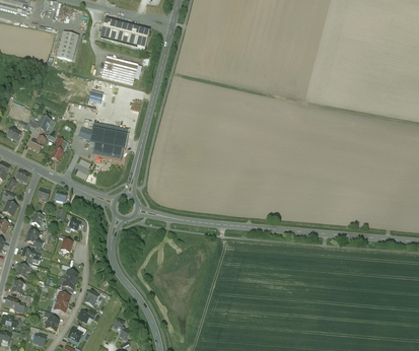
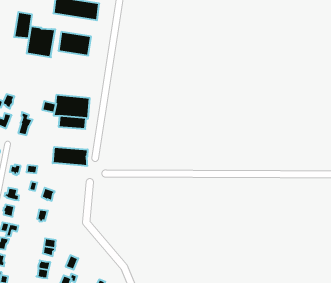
building: none -> [27,26,55,57]
building: none -> [53,147,88,166]

